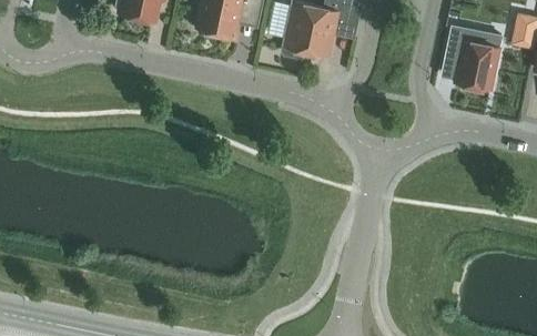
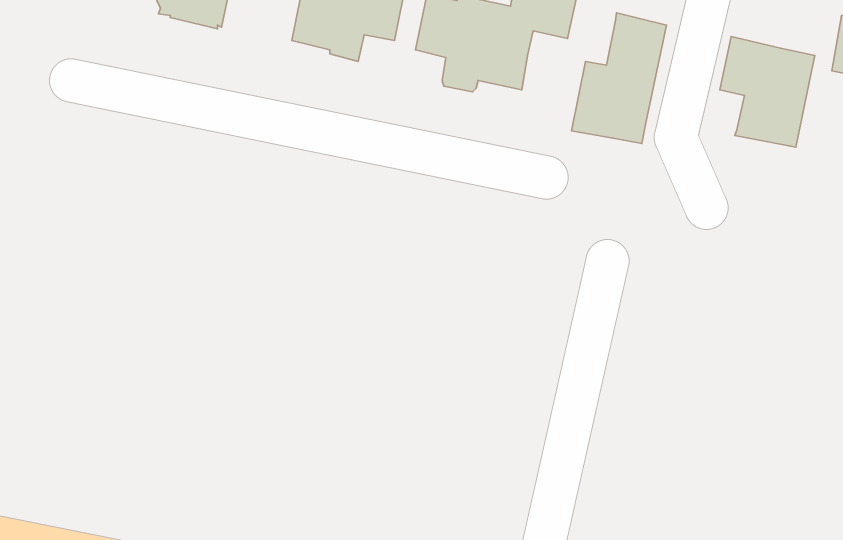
building: none -> [571,13,667,144]

